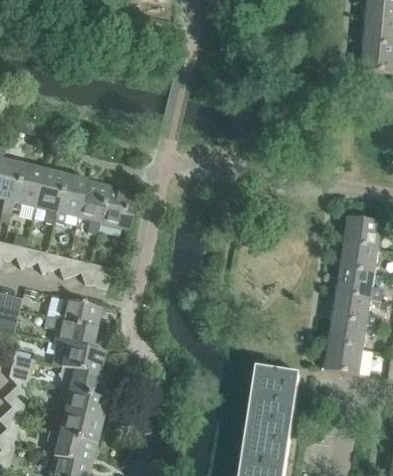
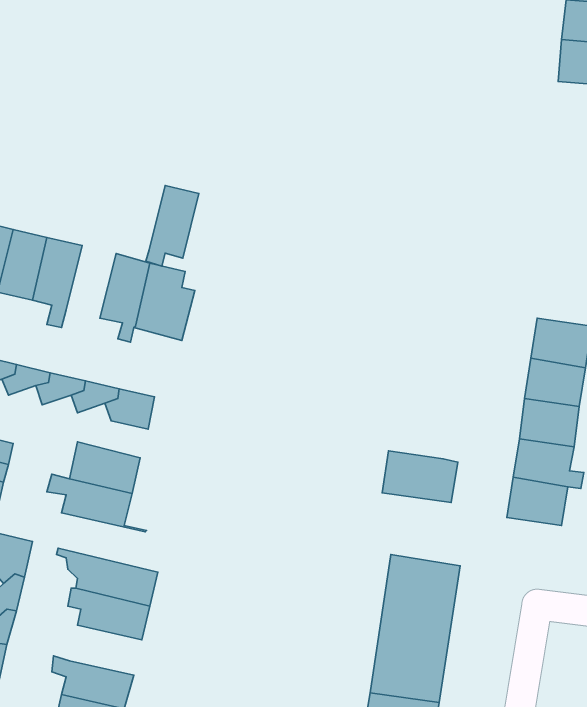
building: [51,172,84,222] -> [146,186,199,266]
building: [48,339,111,376] -> none
building: [325,342,372,374] -> [382,451,458,502]
building: [55,410,101,441] -> none

